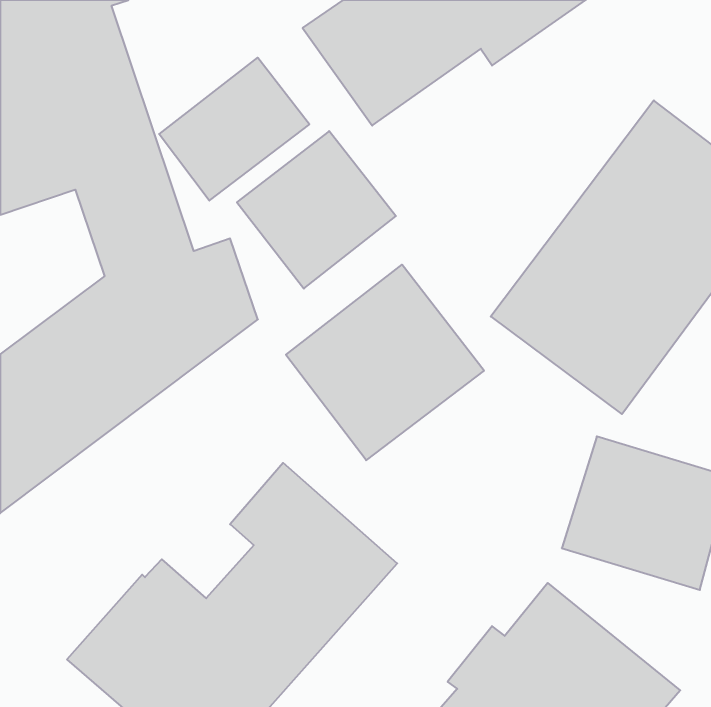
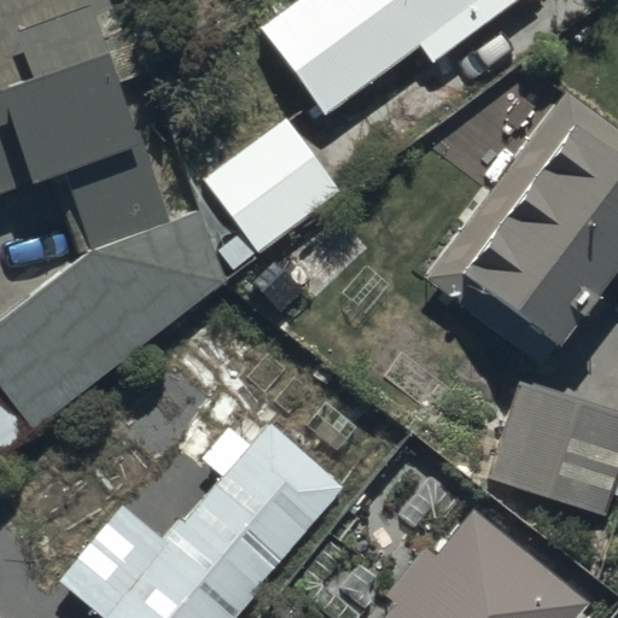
building: [159,58,309,201] -> none
building: [286,265,484,460] -> none

